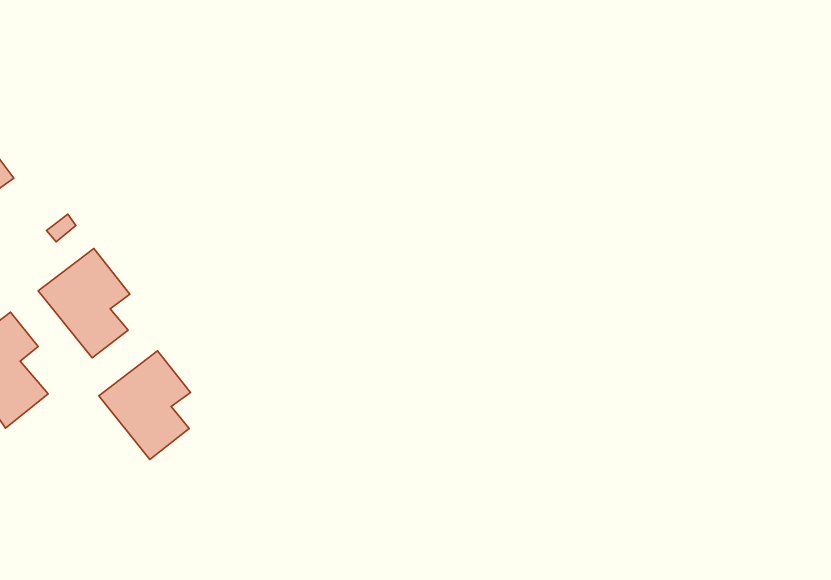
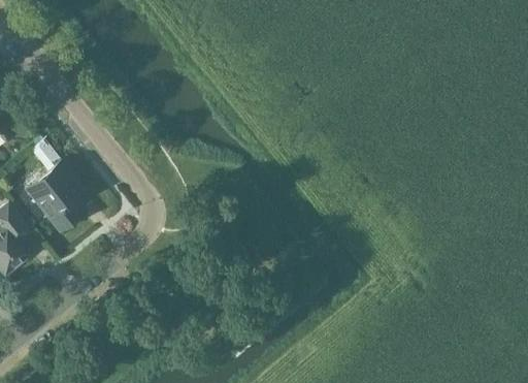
building: [99,351,191,459] -> none

